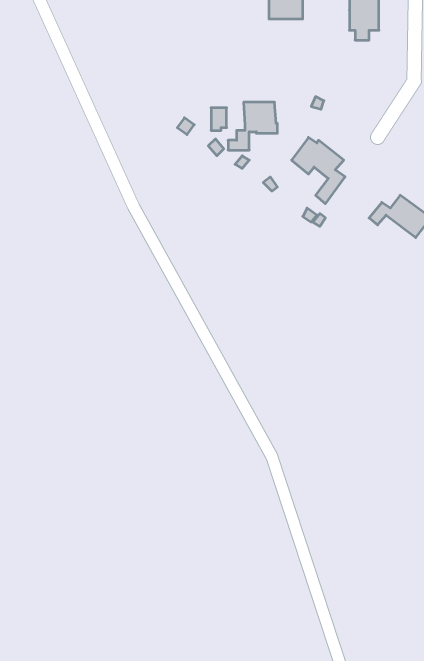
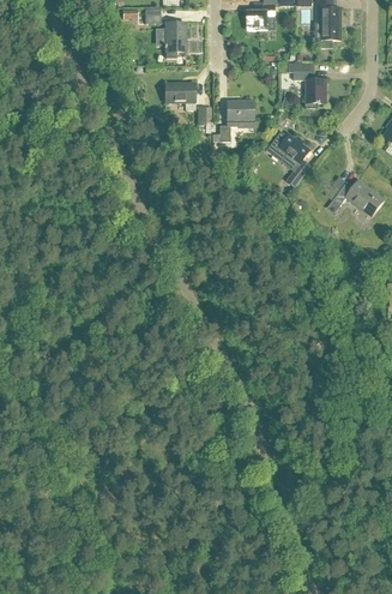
building: none -> [164,23,185,58]
building: none -> [282,62,326,107]
building: none -> [164,83,194,109]

